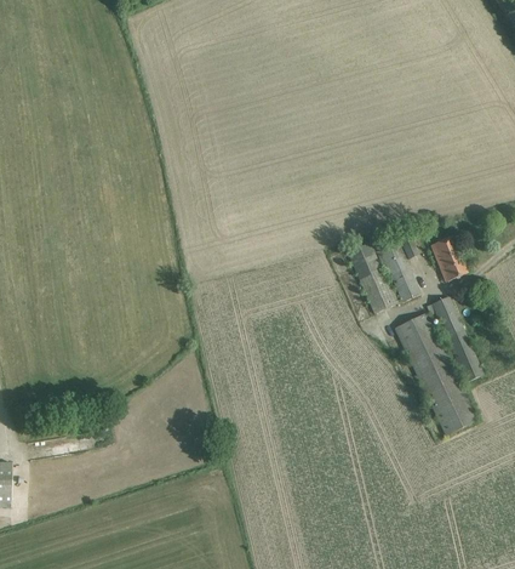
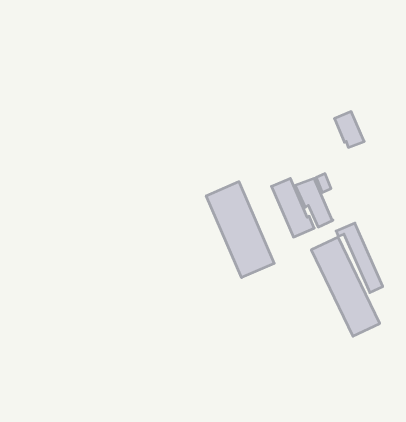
building: [429,237,465,280] -> [334,112,364,147]
building: none -> [206,182,274,278]

